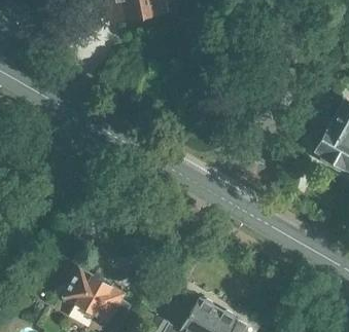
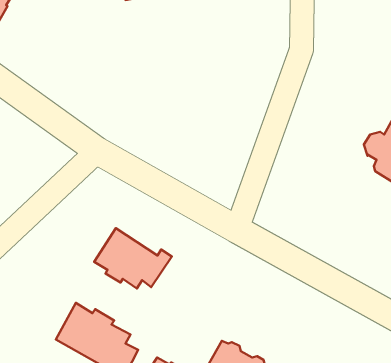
building: none -> [94,228,172,289]

